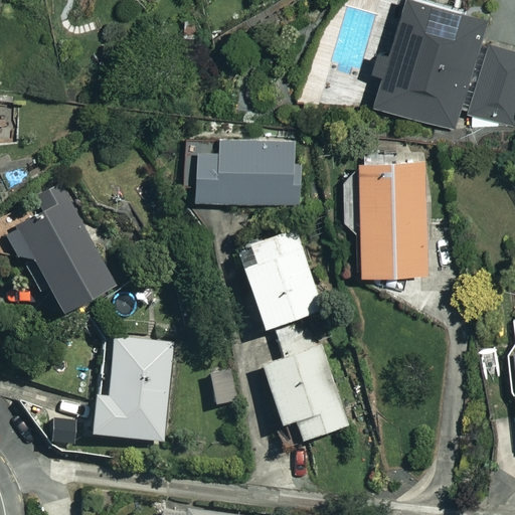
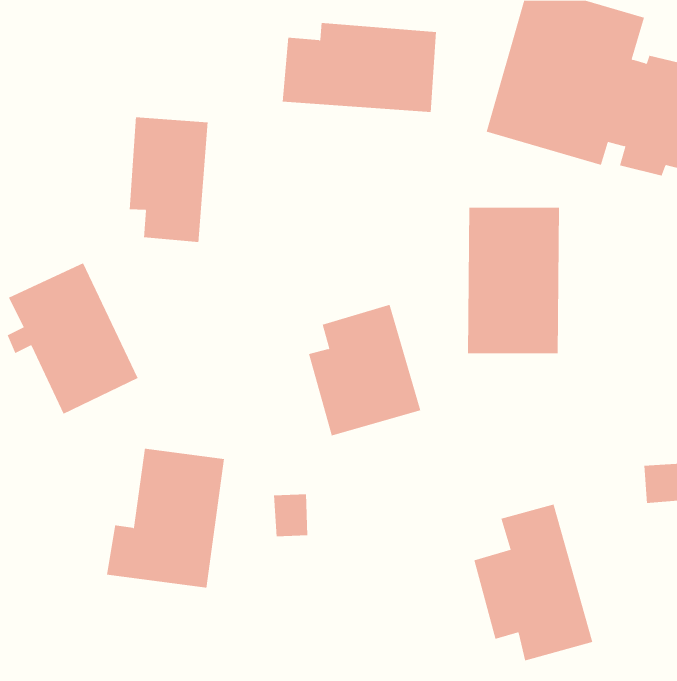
building: none -> [129,117,208,243]
building: [191,137,307,204] -> [282,22,437,113]
building: [259,325,348,443] -> [473,504,593,661]

